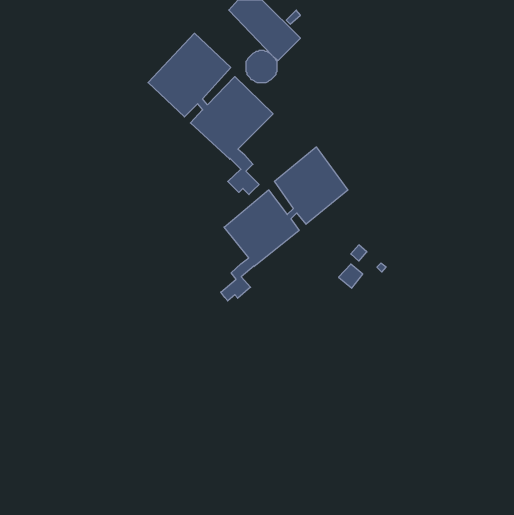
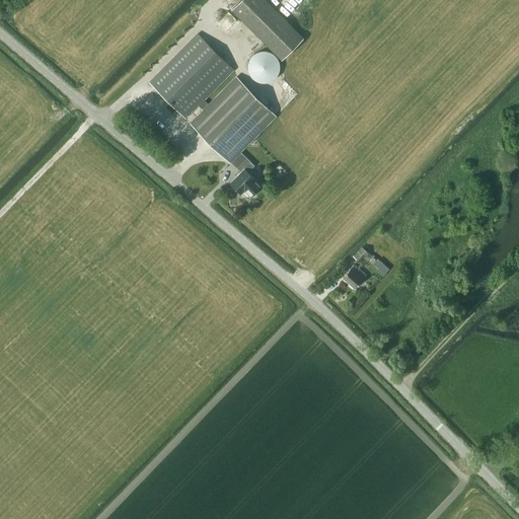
building: [221,147,348,301] -> none

